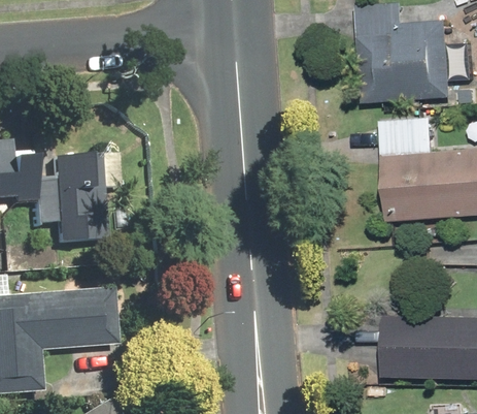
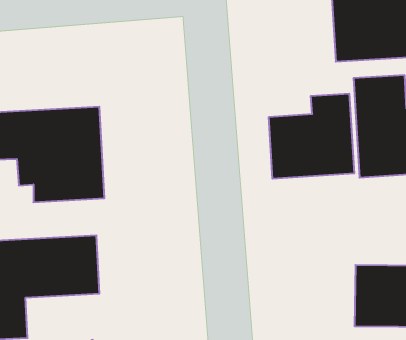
building: none -> [269,94,354,179]

